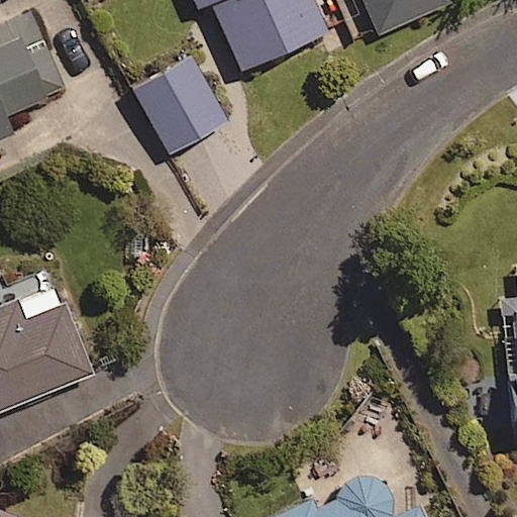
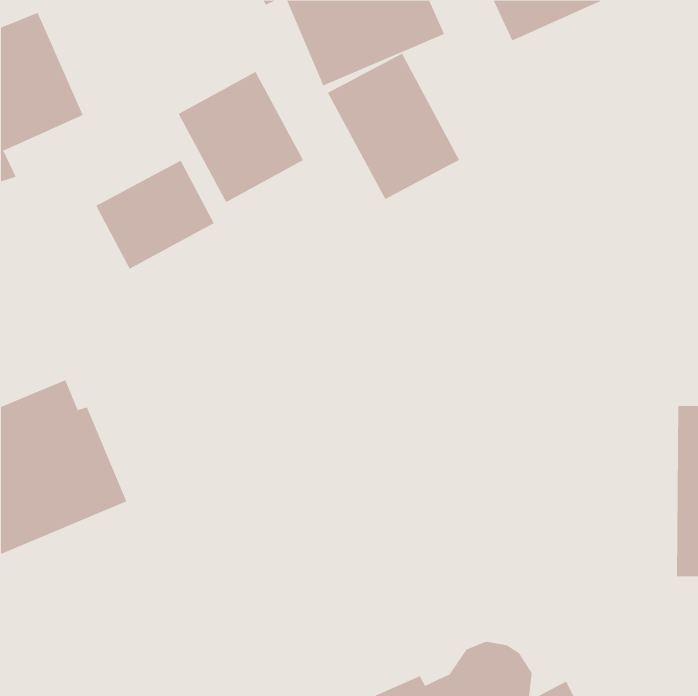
building: none -> [327,53,460,200]
building: none -> [96,160,215,269]

